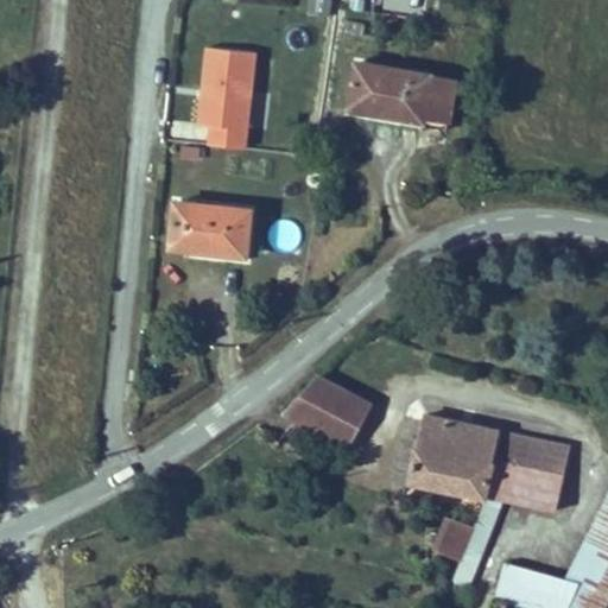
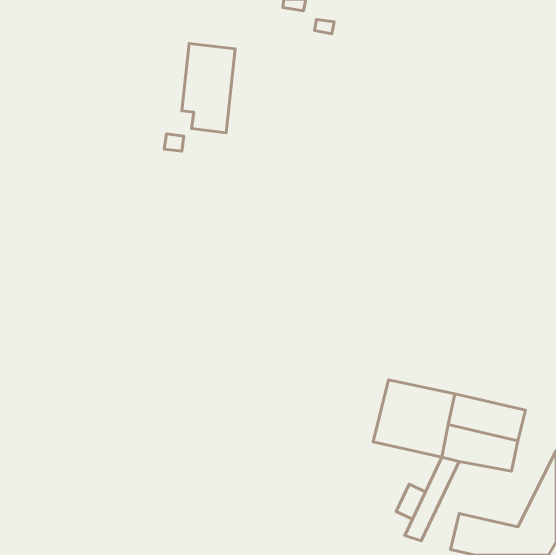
building: [348,61,457,128] -> none
building: [170,201,256,261] -> none
building: [286,378,380,451] -> none

